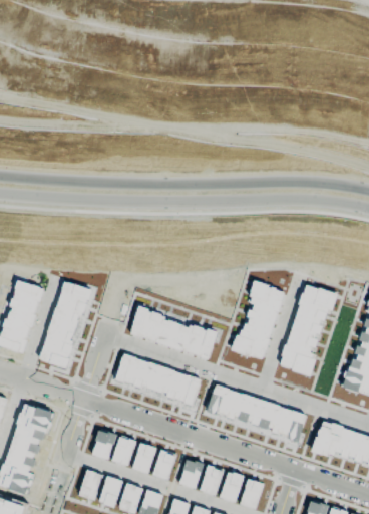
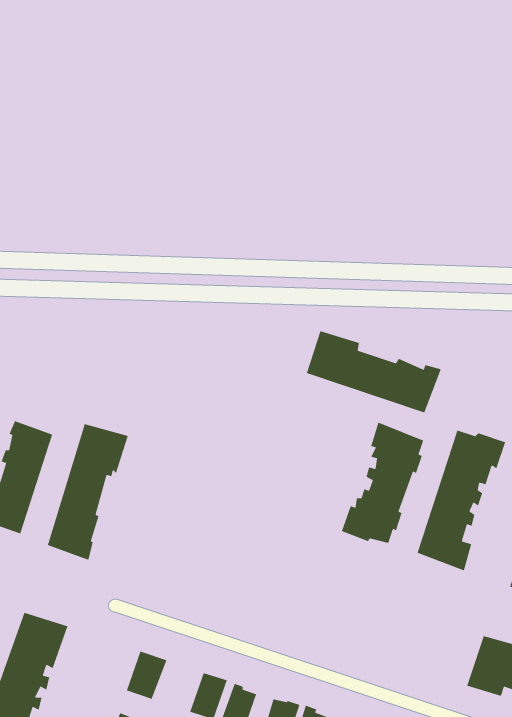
building: [130,306,219,360] -> [306,330,442,414]
building: [114,353,201,406] -> none
building: [205,384,307,443] -> none
building: [111,436,136,467] -> none

